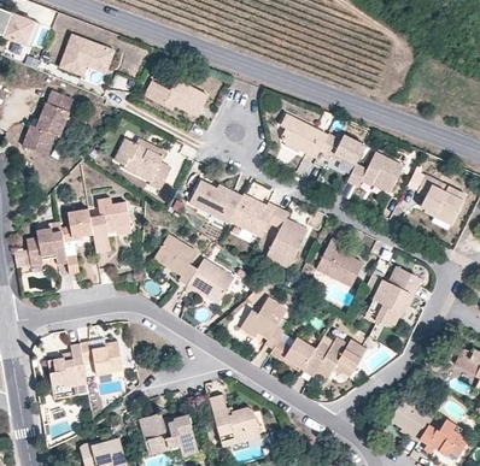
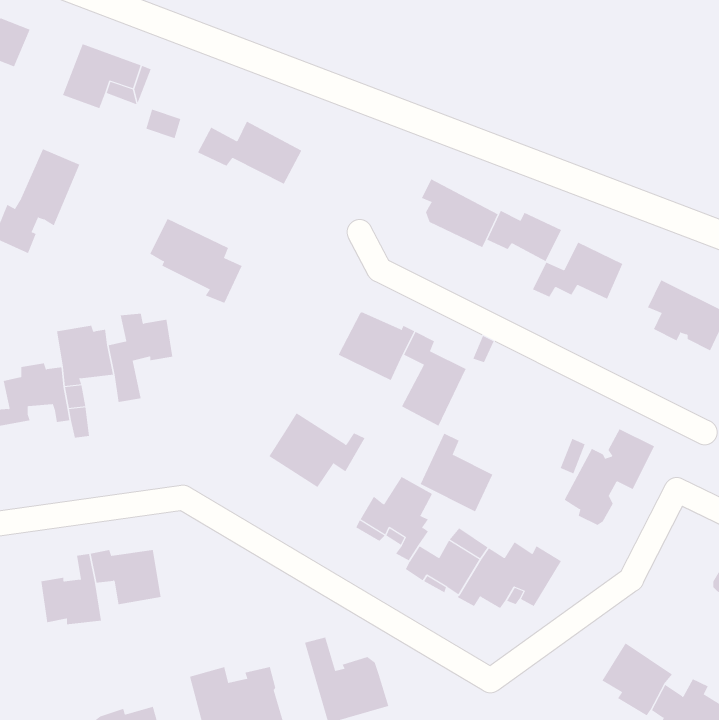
building: [191,183,242,223] -> none
building: [153,234,198,284] -> none
building: [317,237,362,285] -> [420,433,493,512]

